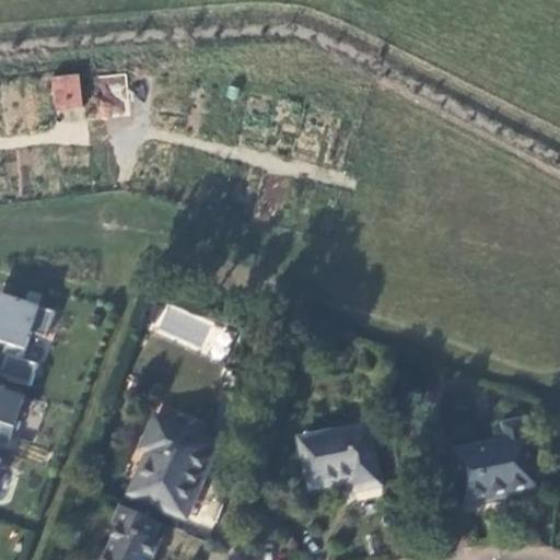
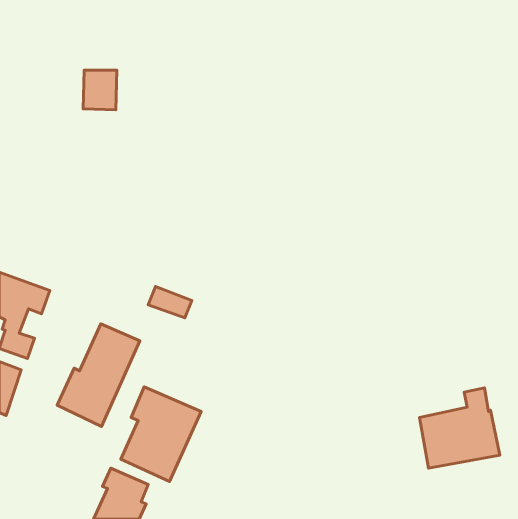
building: [46,71,83,112] -> none
building: none -> [57,324,140,427]
building: [298,423,378,490] -> none

